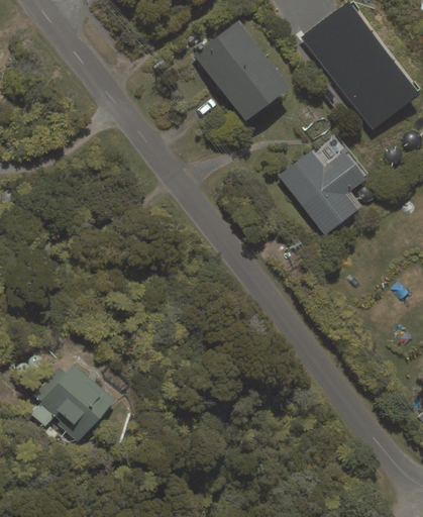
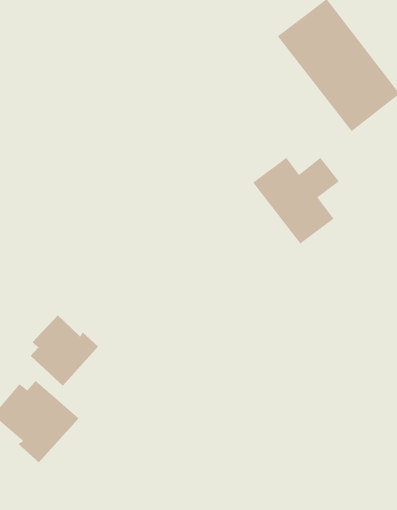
building: [194,20,290,121] -> none
building: none -> [30,314,99,387]

